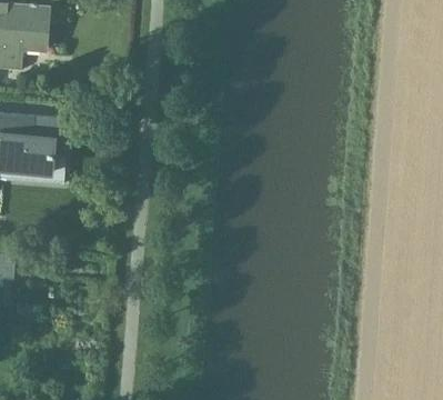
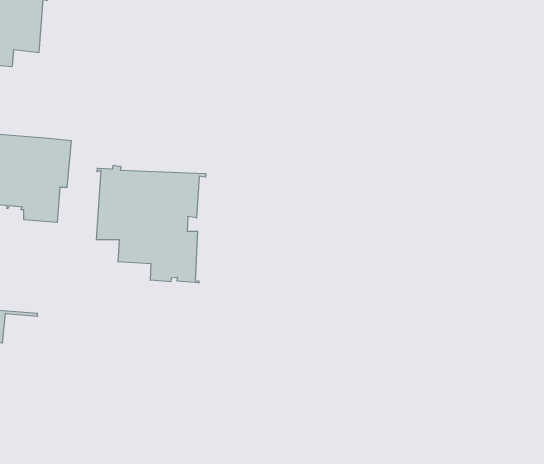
building: none -> [96,165,206,283]

